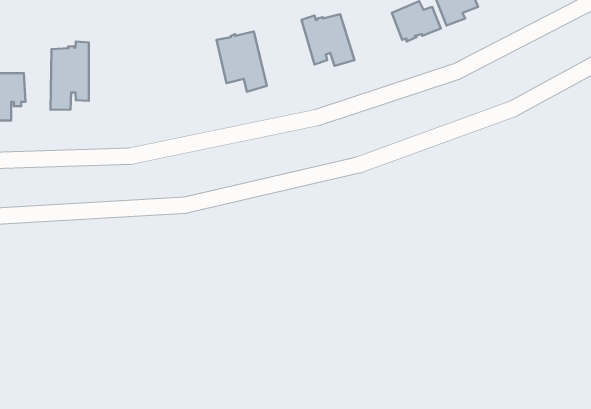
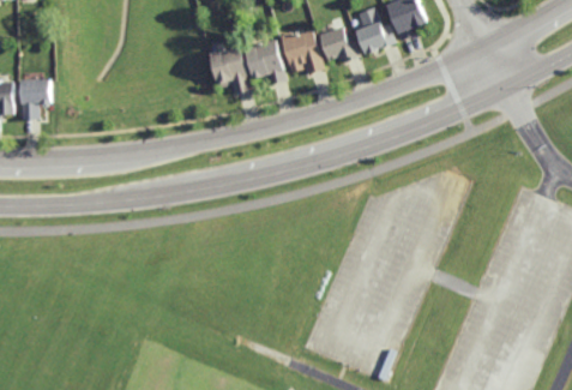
building: none -> [317,25,357,62]
building: none -> [242,38,284,85]
building: [51,42,89,110] -> none

